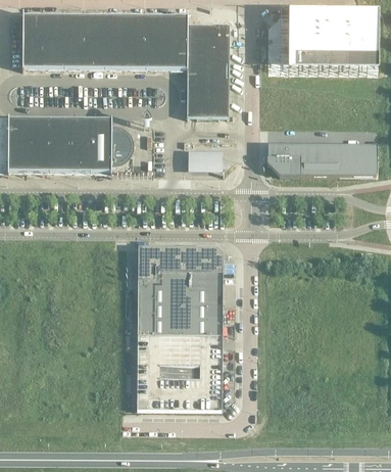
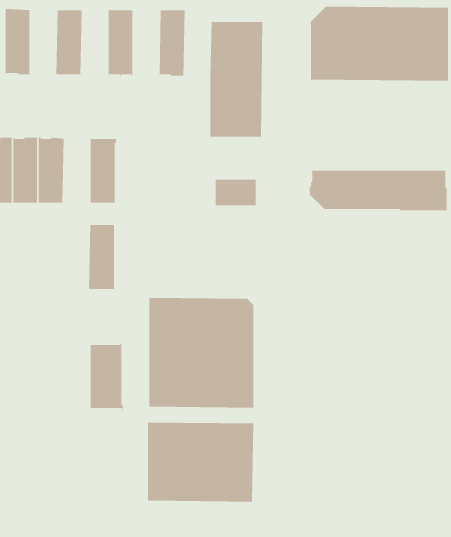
building: [42,14,63,66] -> none
building: [83,14,104,67] -> none
building: [125,14,146,67] -> none
building: [165,14,187,67] -> none
building: [68,116,90,170] -> [88,223,115,290]
building: [110,126,131,161] -> none
building: none -> [90,343,123,411]

